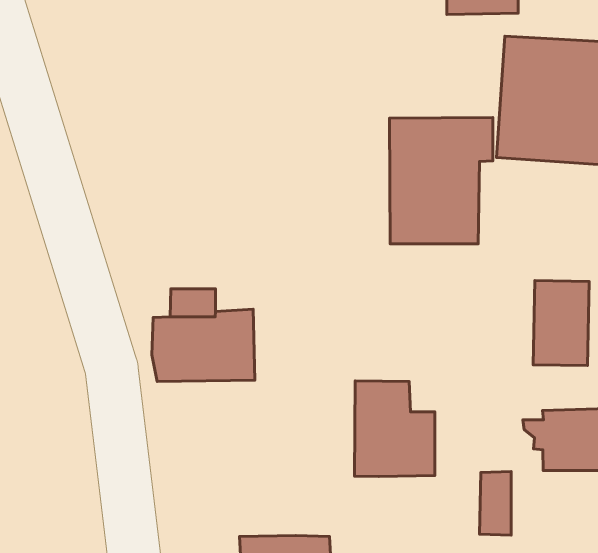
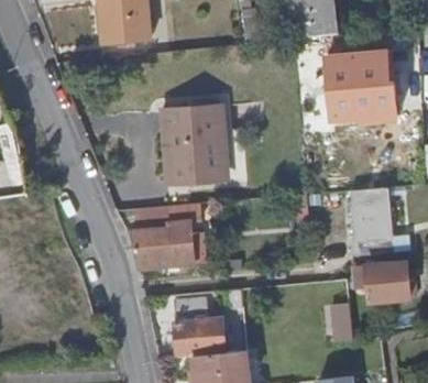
building: [390,118,493,244] -> [161,105,223,184]
building: [354,381,435,476] -> [174,298,226,357]

